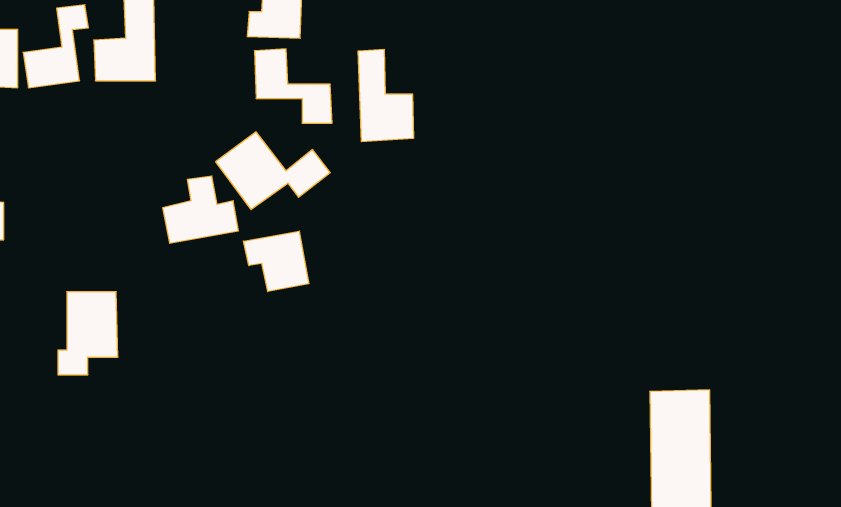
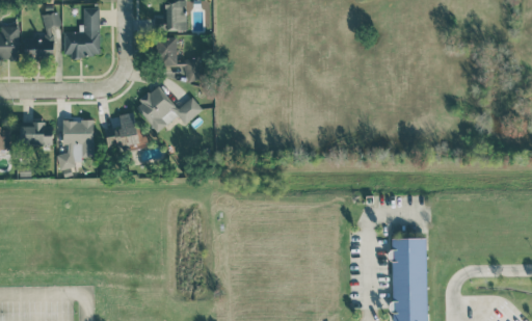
building: [358,49,413,142] -> none
building: none -> [20,124,52,148]
building: [243,231,309,292] -> none
building: [58,292,118,375] -> [58,119,94,168]

